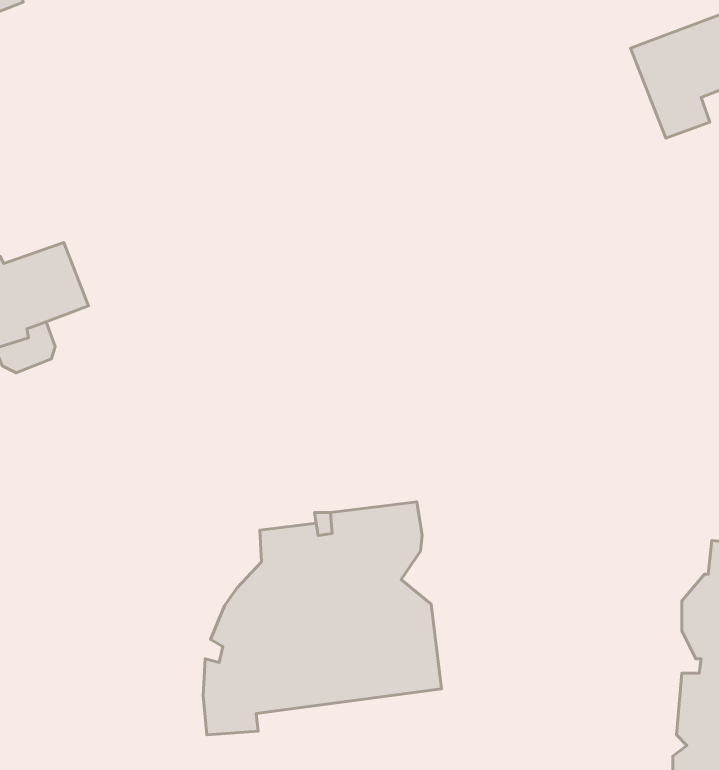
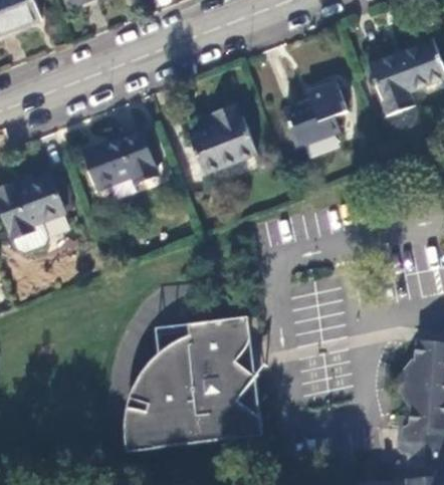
building: none -> [286,83,348,147]
building: none -> [188,102,256,174]
building: none -> [83,128,156,185]

